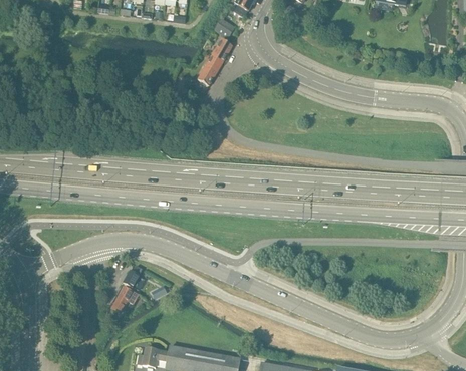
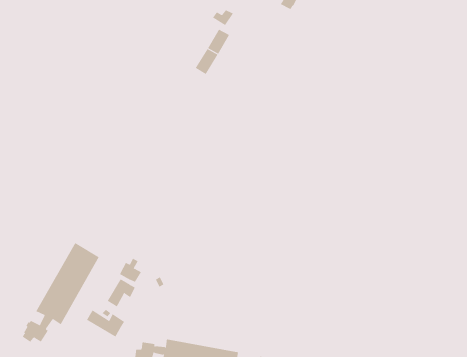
building: none -> [22,242,100,343]
building: none -> [86,310,125,338]

